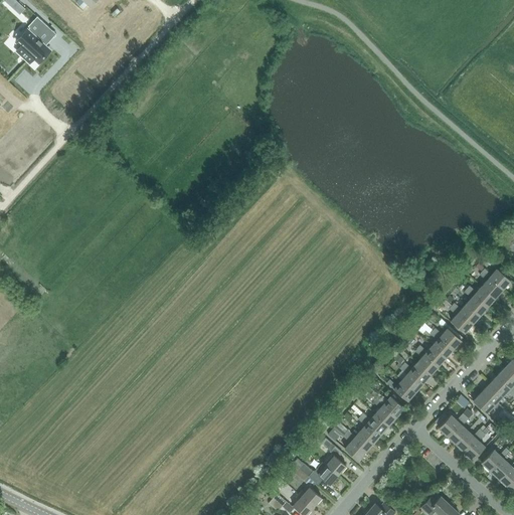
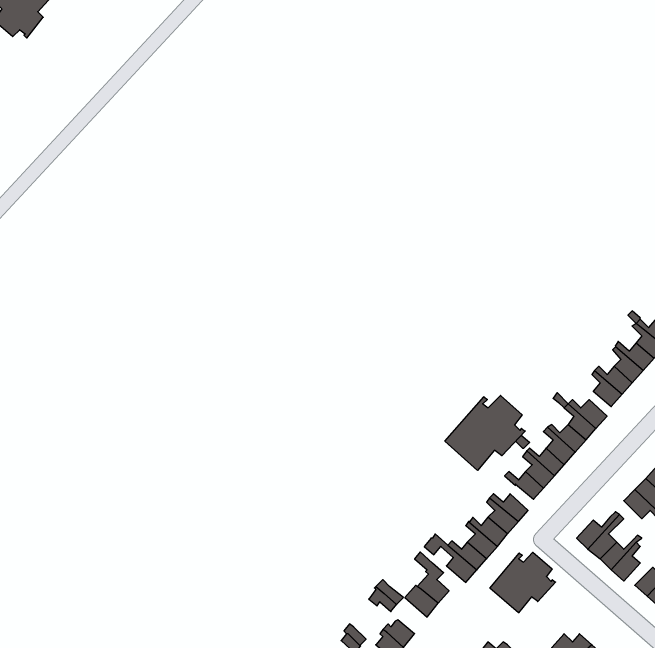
building: none -> [445,395,525,470]
building: none -> [490,552,556,613]

